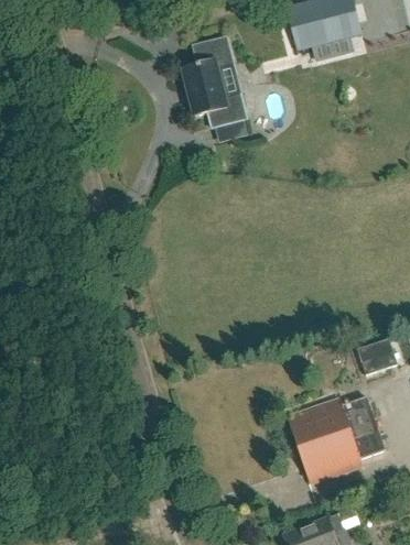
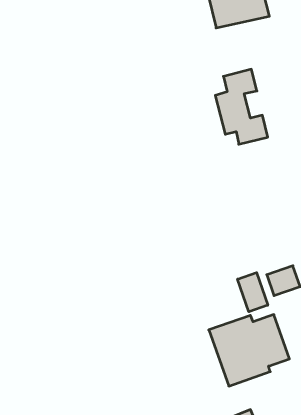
building: [182,37,246,129] -> [215,69,268,144]
building: none -> [238,273,268,312]

